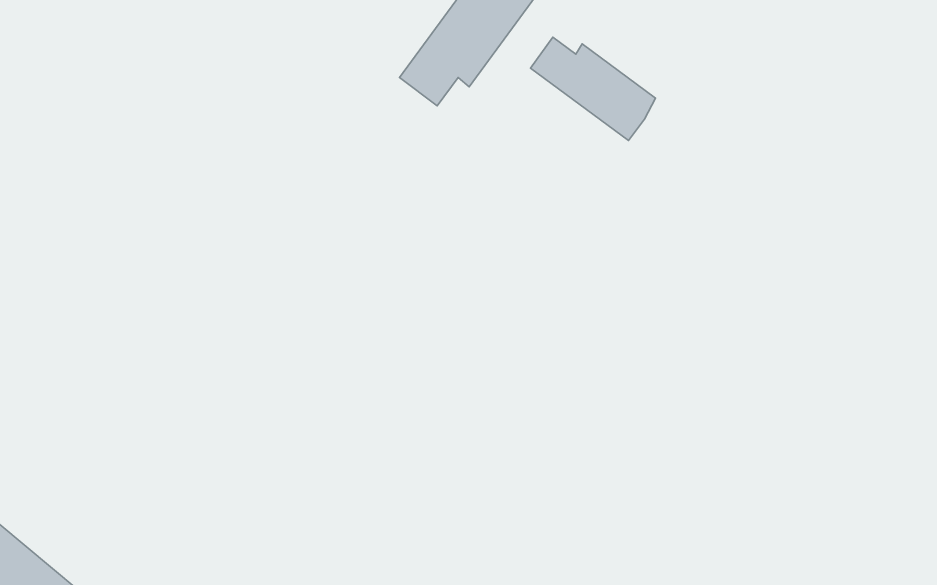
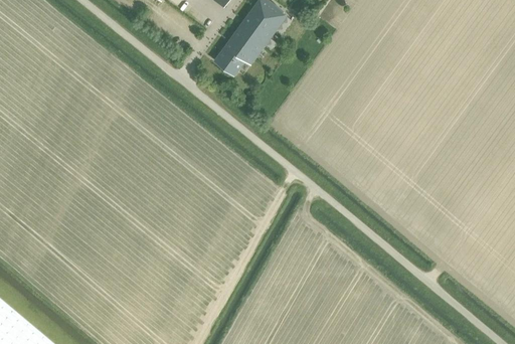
building: [530,37,656,140] -> none

